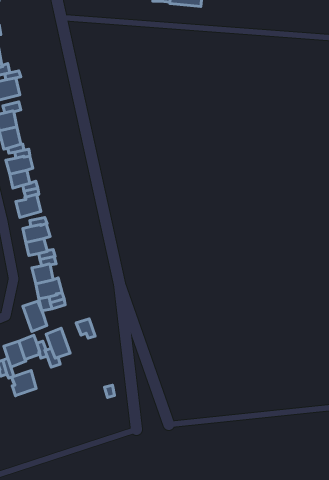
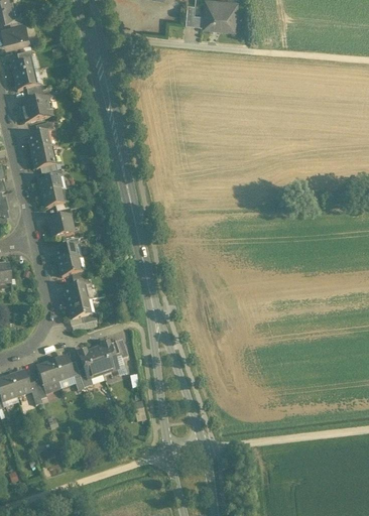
building: [23,301,47,331] -> [94,344,118,374]
building: [11,371,36,396] -> none

